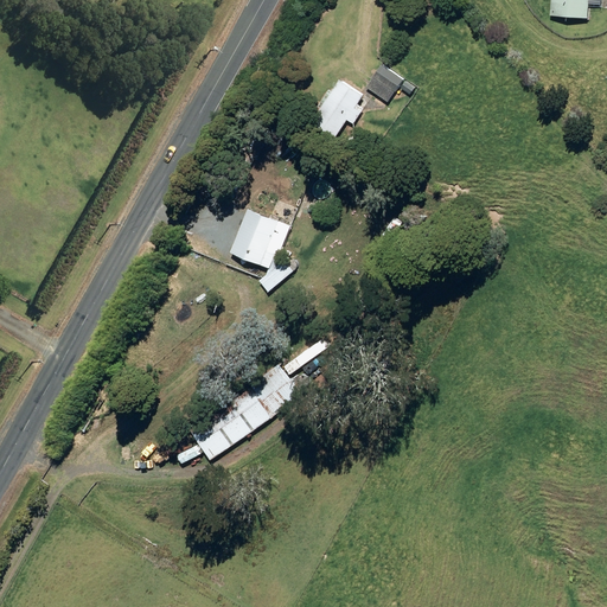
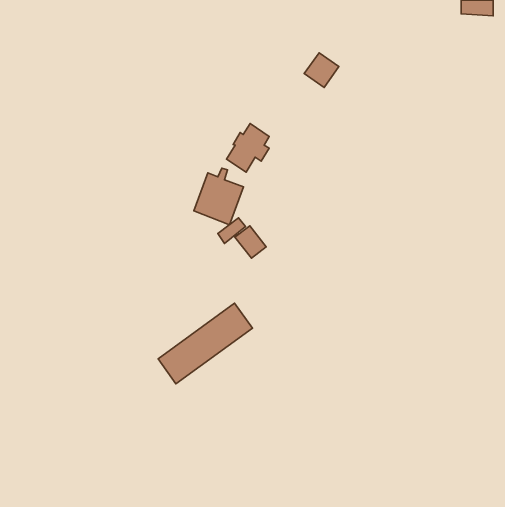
building: [312,78,363,136] -> [226,123,269,172]
building: none -> [235,226,266,258]

